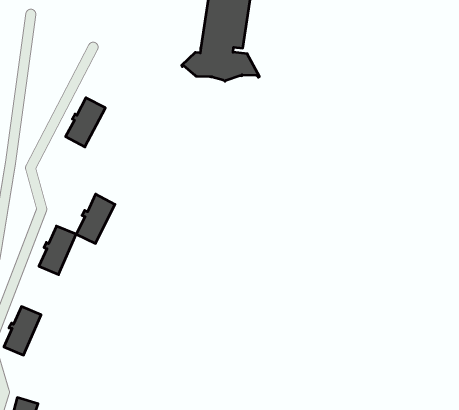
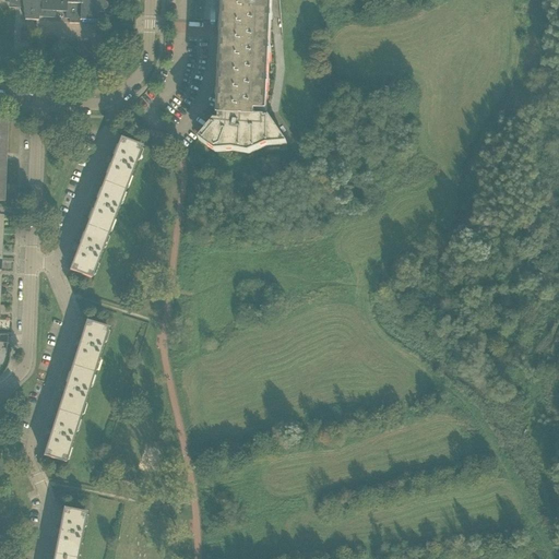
building: none -> [104,136,142,189]
building: [76,194,115,243] -> [70,224,108,276]
building: none -> [58,365,94,416]

